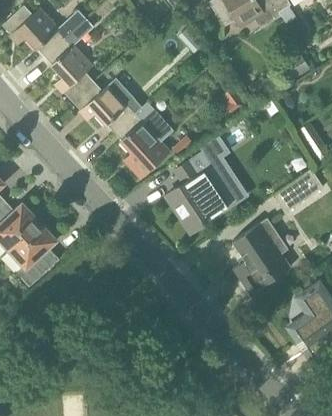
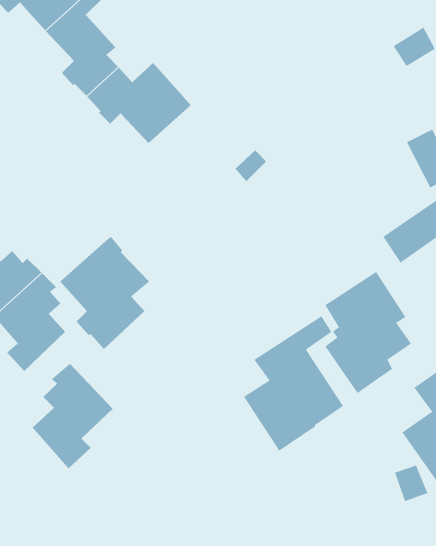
building: [114,101,175,178] -> [59,236,150,350]
building: [168,140,236,232] -> [243,315,344,452]
building: none -> [32,363,113,469]

